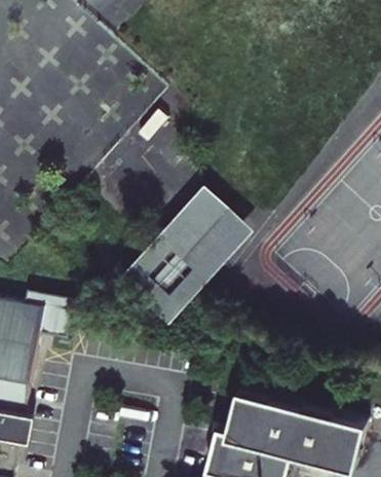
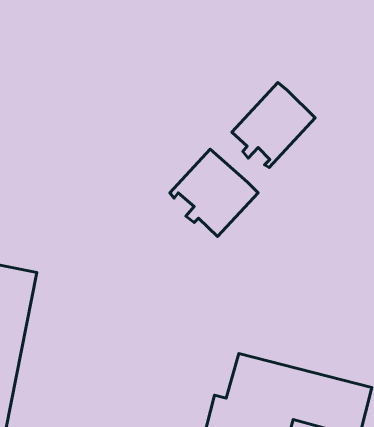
building: none -> [232,82,315,168]
building: [126,233,215,322] -> none

